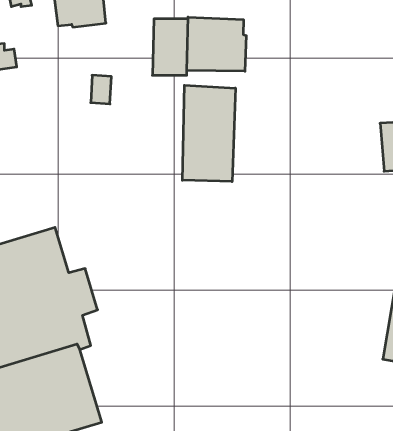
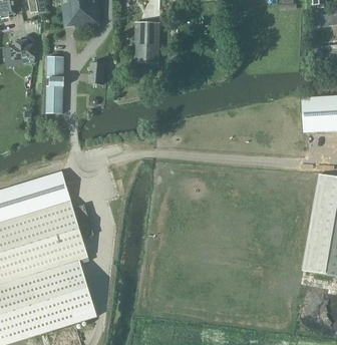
building: [187,17,246,71] -> none
building: none -> [45,55,63,112]
building: [182,85,235,182] -> none

